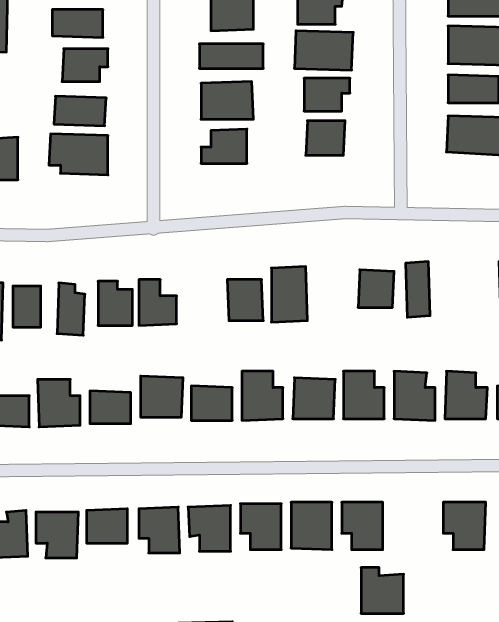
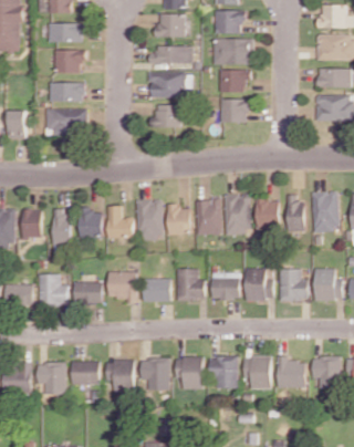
building: none -> [311,191,337,231]
building: none -> [223,194,249,233]
building: none -> [136,199,162,239]
building: [361,568,404,613] -> [277,356,305,387]

